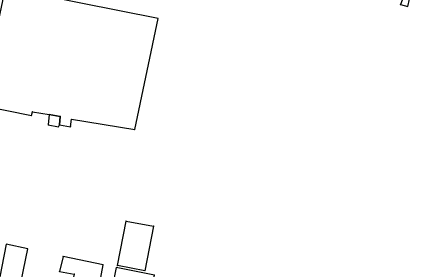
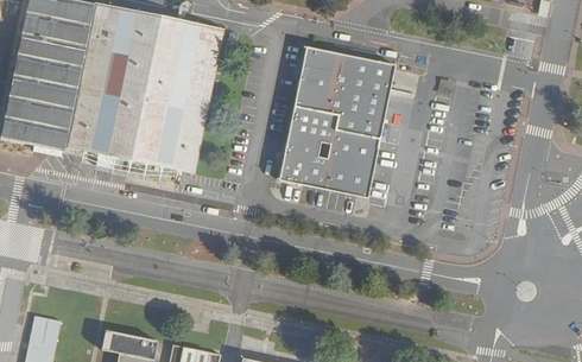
building: none -> [280,46,397,197]
building: [117,221,154,271] -> none

